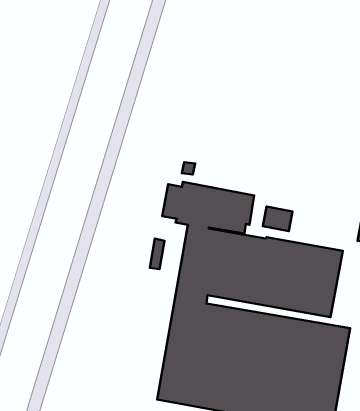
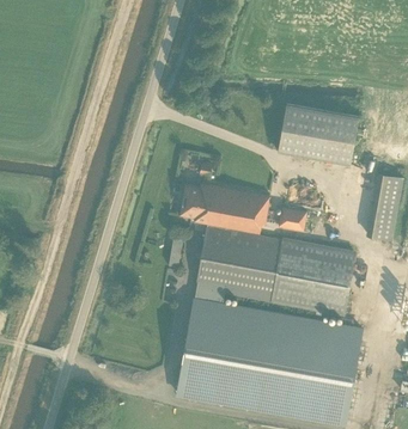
building: none -> [278,105,359,167]

